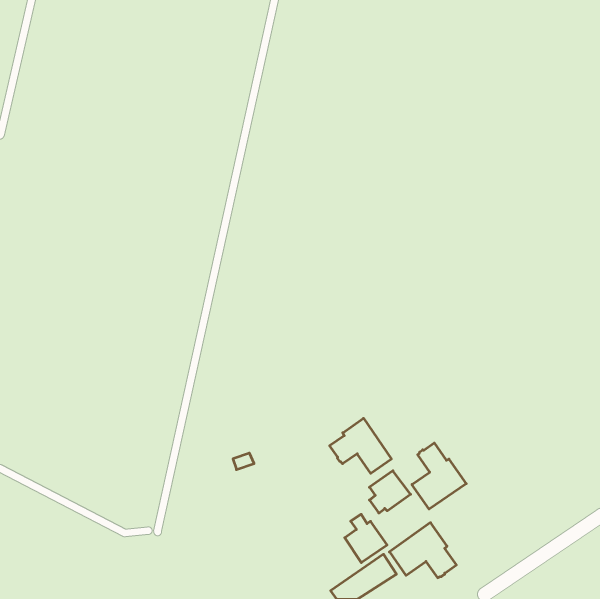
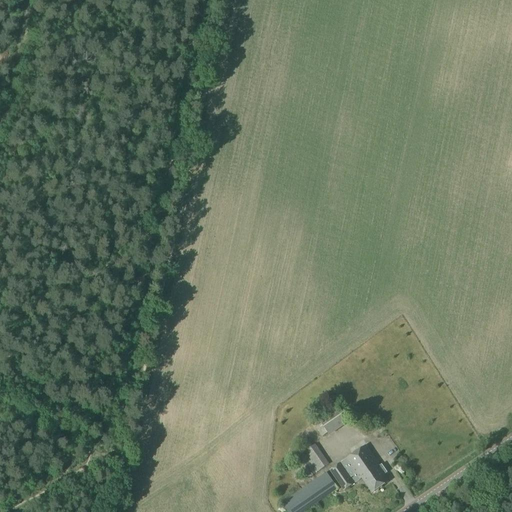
building: [330,418,391,473] -> none
building: [412,443,466,509] -> none

